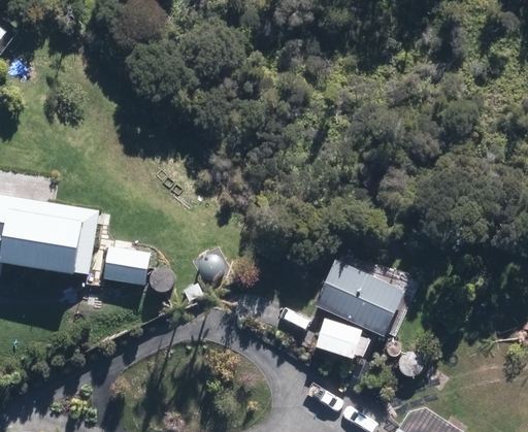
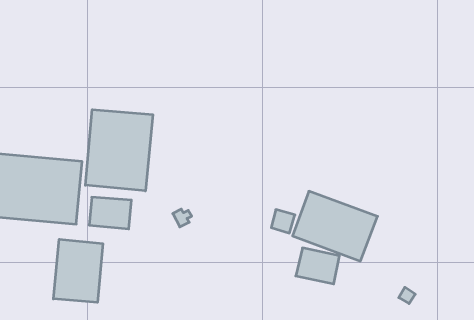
building: none -> [85,110,153,191]
building: none -> [53,239,103,302]

